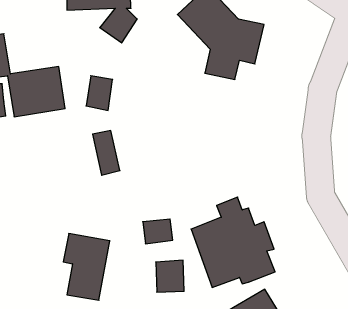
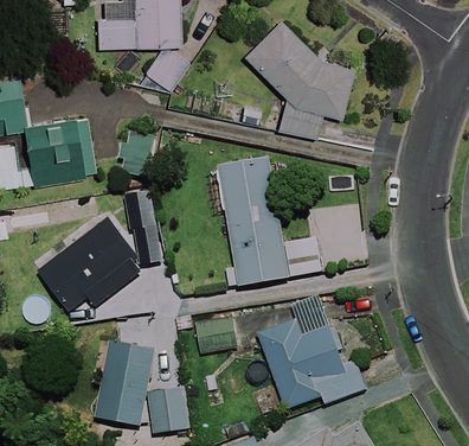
building: none -> [205,158,321,286]
building: none -> [32,212,142,311]
building: [156,260,184,292] -> [150,389,187,431]

